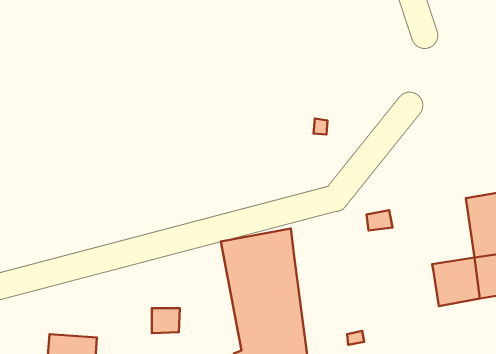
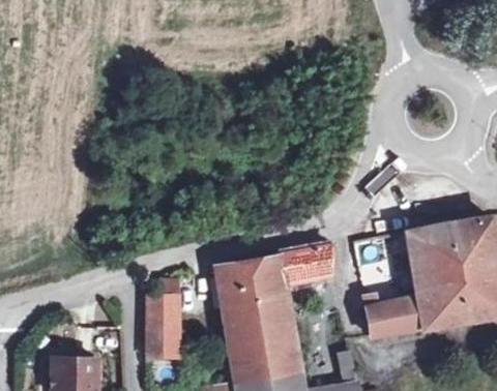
building: none -> [409,227,459,290]
building: none -> [283,245,332,282]
building: none -> [148,281,179,332]
building: none -> [363,297,425,339]

